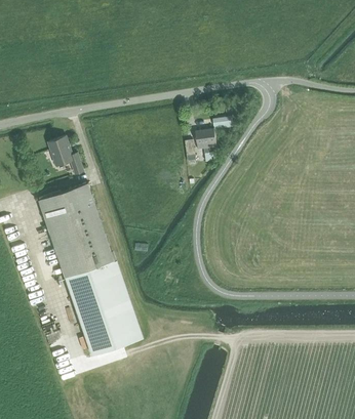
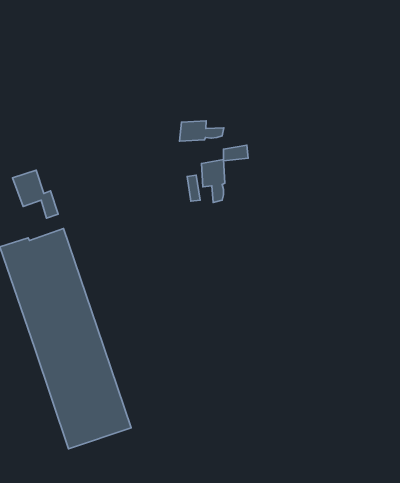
building: none -> [180,121,224,141]

